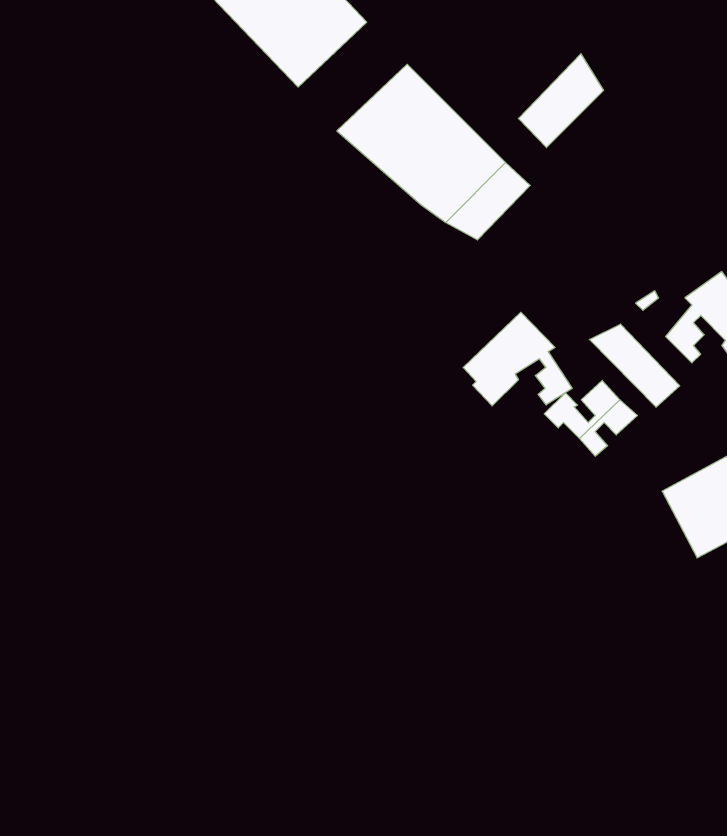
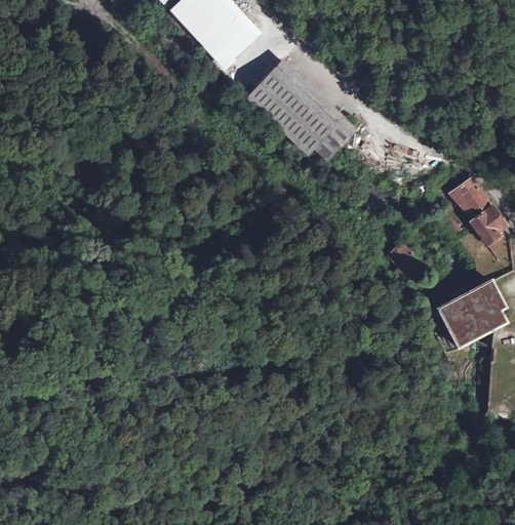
building: [518,54,604,148] -> none
building: [463,312,572,406] -> none
building: [589,324,680,407] -> none

